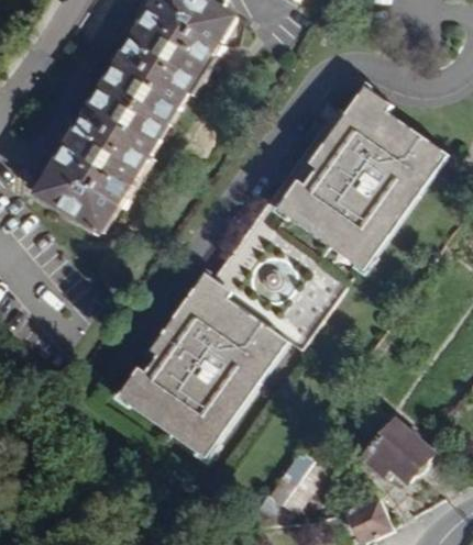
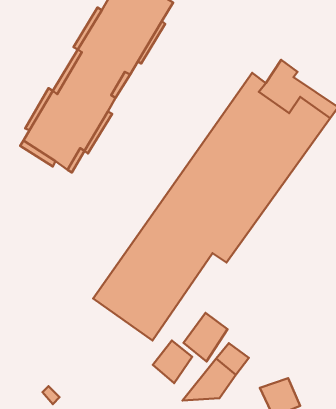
building: none -> [184,313,227,361]
building: [362,420,434,485] -> none
building: none -> [153,340,192,383]

